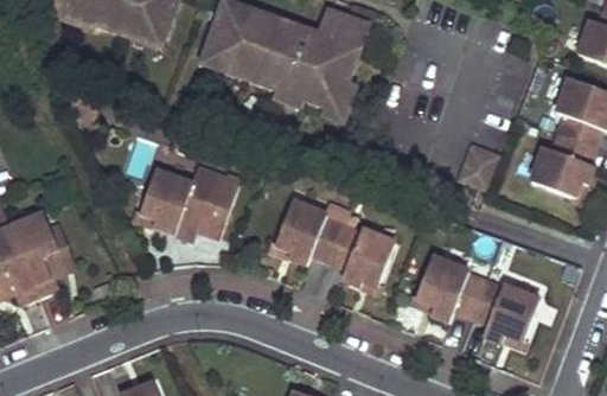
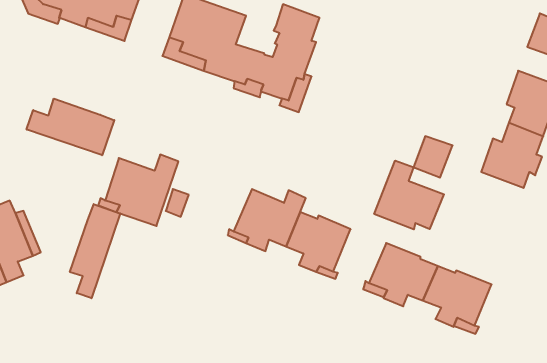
building: [276,21,321,64] -> none
building: none -> [27,99,114,155]
building: none -> [374,161,444,229]
building: none -> [70,204,120,298]

